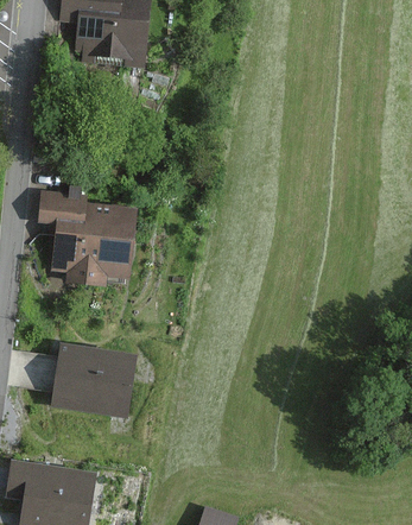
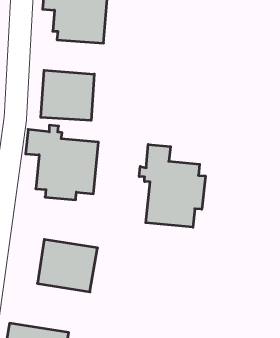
building: none -> [41,70,94,120]
building: none -> [139,144,205,227]

